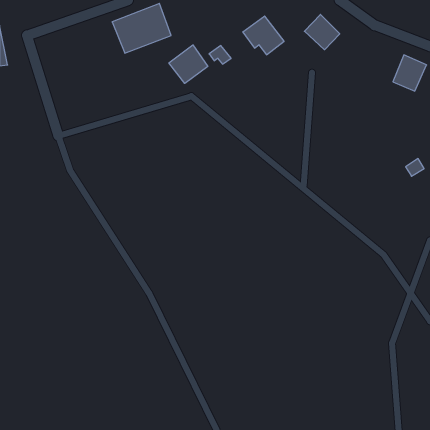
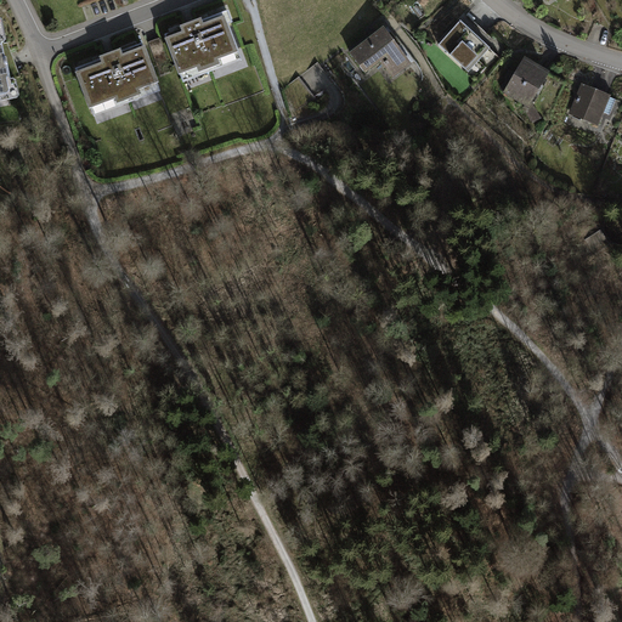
building: none -> [74,40,159,112]
building: none -> [499,53,554,111]
building: [169,45,208,83] -> none

